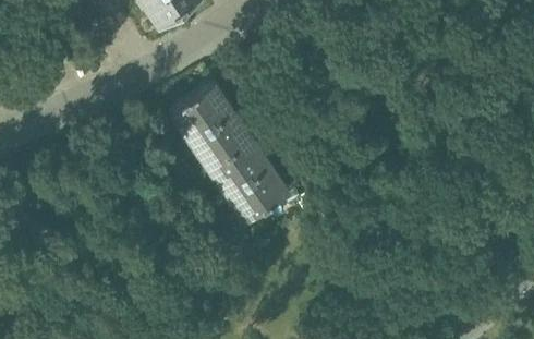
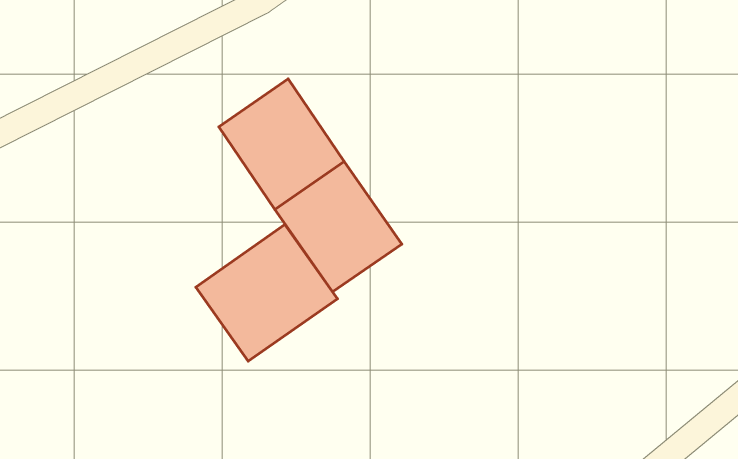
building: none -> [196,225,337,361]

